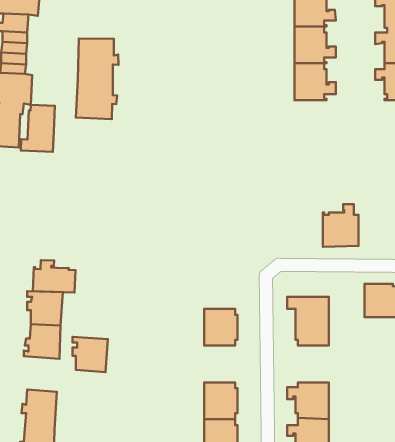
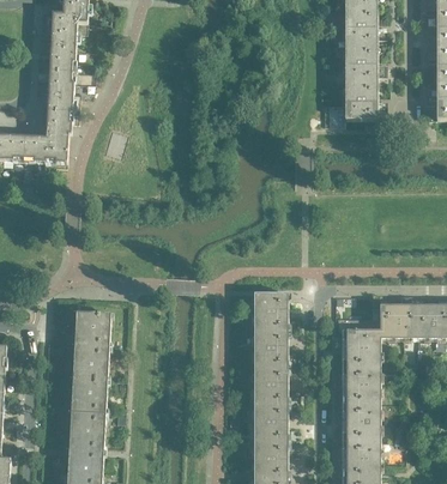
building: [76,38,118,119] -> none
building: [21,105,55,152] -> none
building: [323,204,359,247] -> [379,295,415,338]
building: [33,260,75,293] -> none
building: none -> [253,291,286,328]
building: [72,337,108,372] -> [71,376,107,412]
building: none -> [253,365,286,403]
building: none -> [337,365,379,403]

